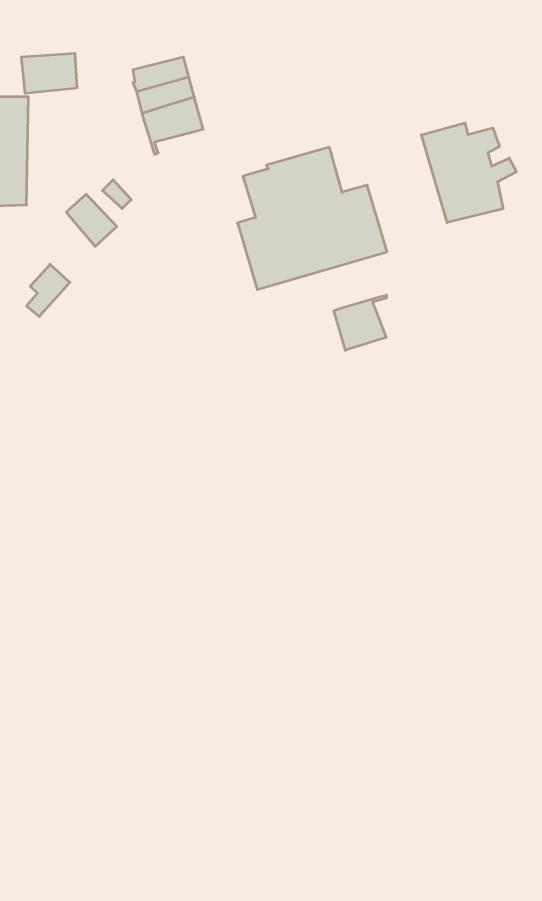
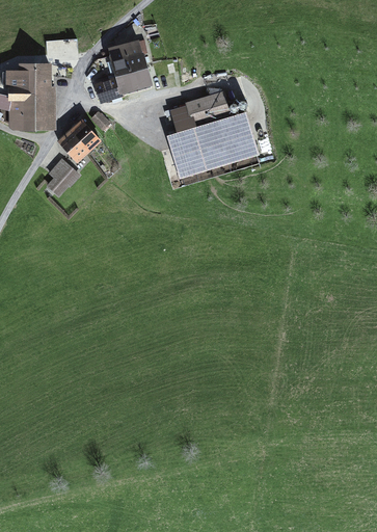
building: none -> [96,77,122,101]
building: [421,123,516,223] -> none
building: none -> [59,130,88,160]
building: [334,295,386,350] -> none

